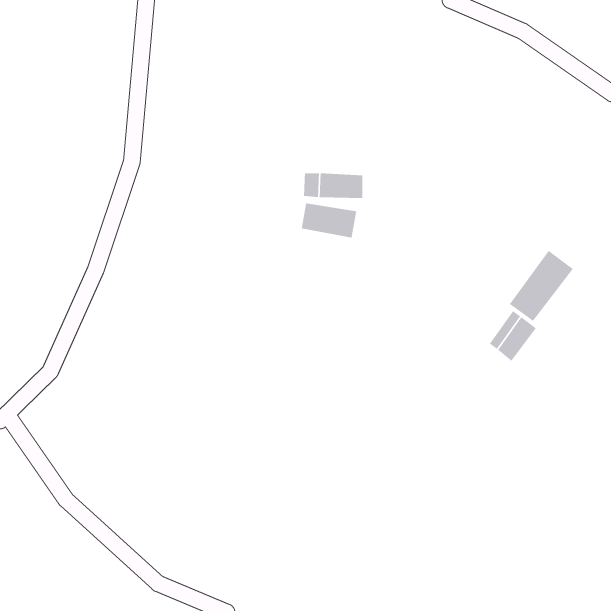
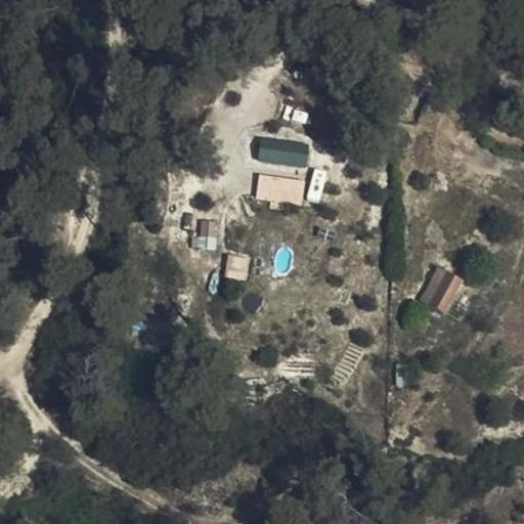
building: [509,250,574,322] -> none

